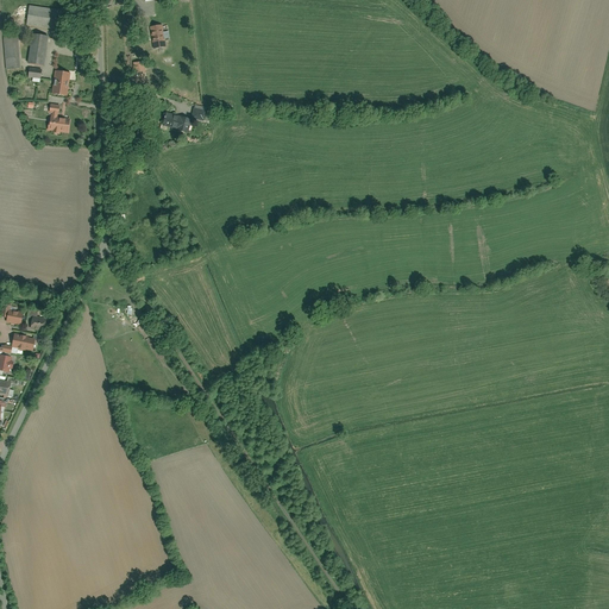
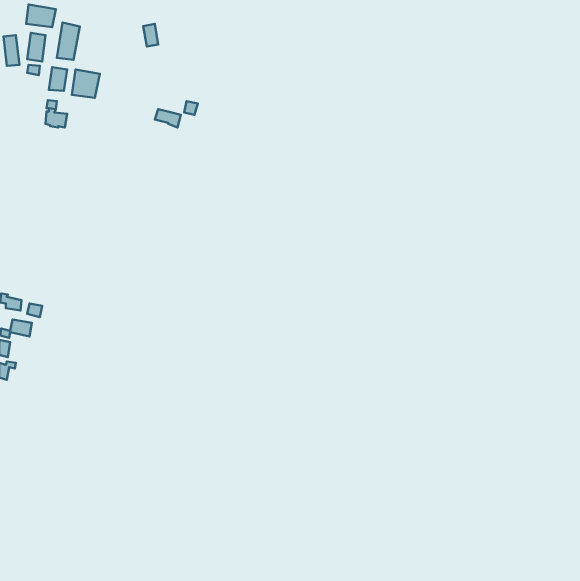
building: none -> [57,23,80,60]
building: none -> [72,69,100,98]

